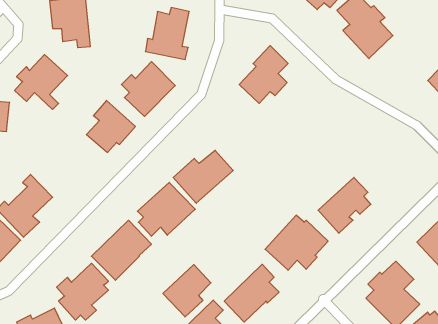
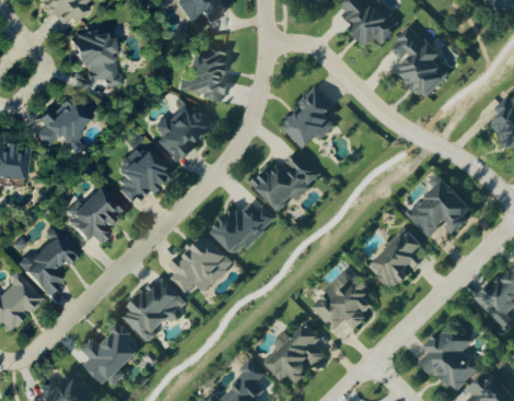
building: none -> [249,152,318,212]
building: none -> [407,180,474,238]
building: none -> [62,184,124,245]
building: [163,265,211,317] -> none

